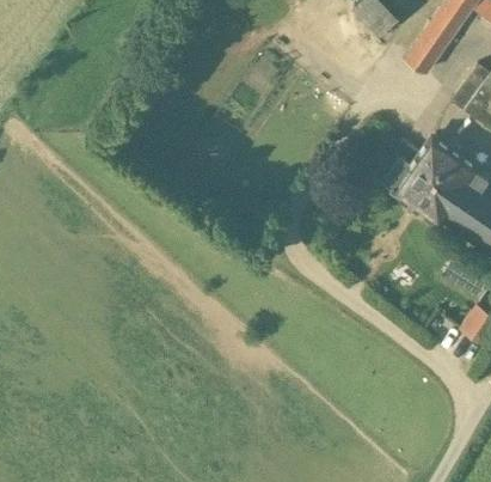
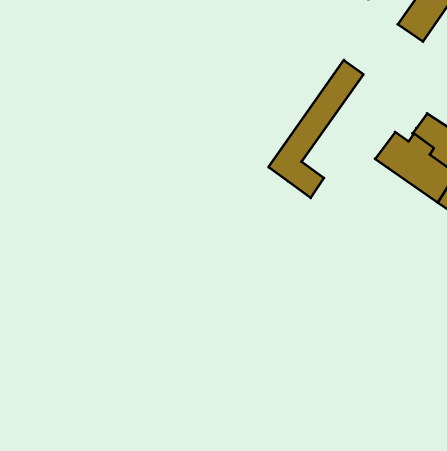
building: none -> [269,60,363,198]

